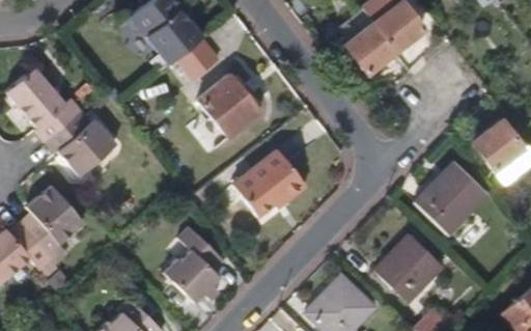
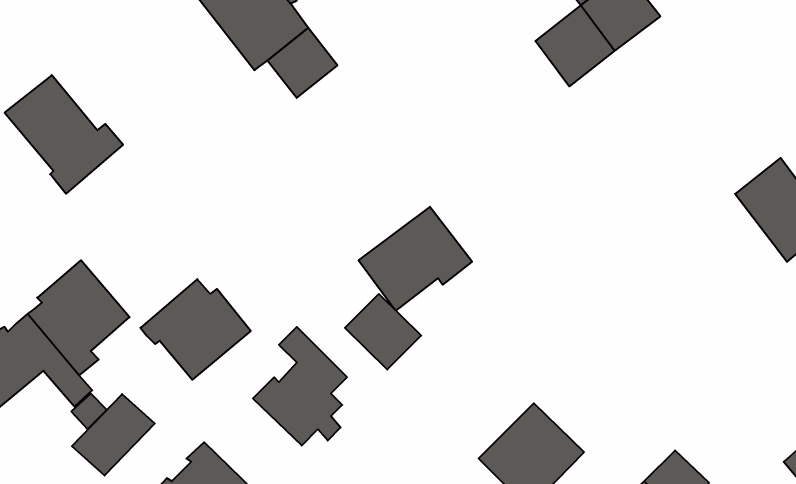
building: [196,71,259,135] -> none
building: [45,110,115,174] -> [140,279,251,380]
building: [416,162,485,232] -> none
building: none -> [345,294,421,370]
building: [378,233,444,301] -> none
building: none -> [72,394,155,476]

